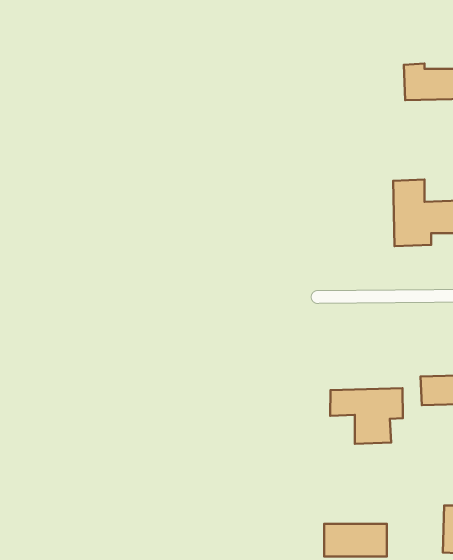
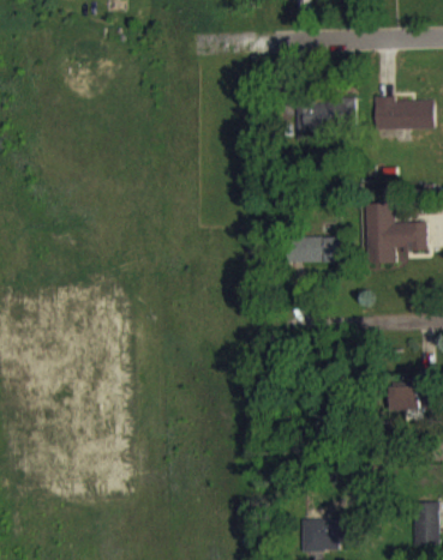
building: none -> [295,101,343,130]
building: none -> [286,235,346,264]
building: [330,388,403,444] -> none

